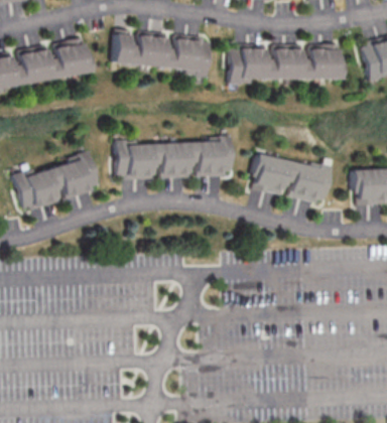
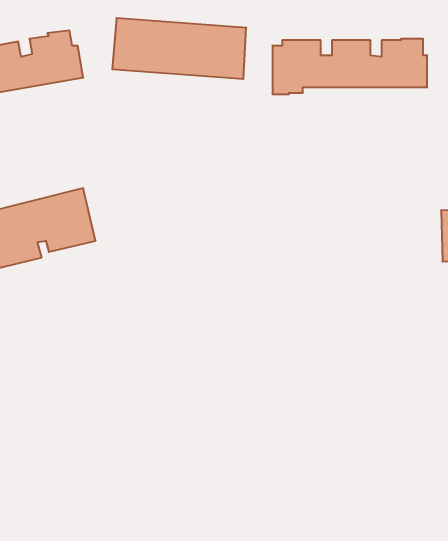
building: [116,136,233,181] -> none
building: [250,153,333,205] -> none

